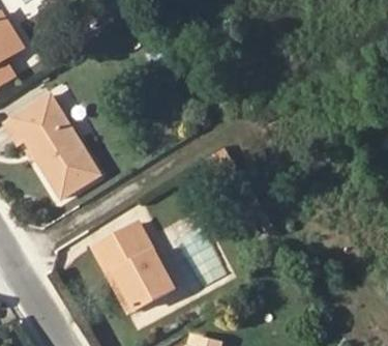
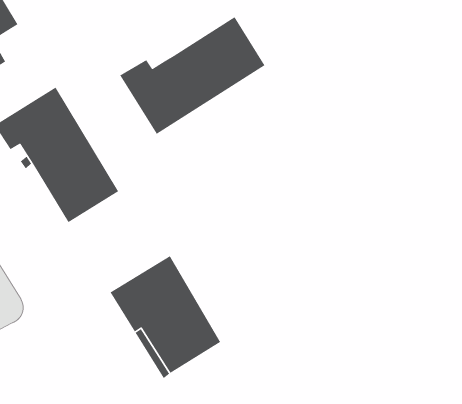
building: none -> [119,16,265,135]

